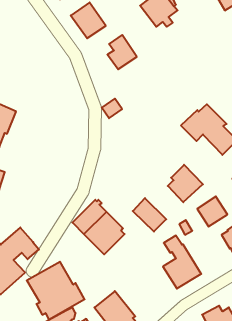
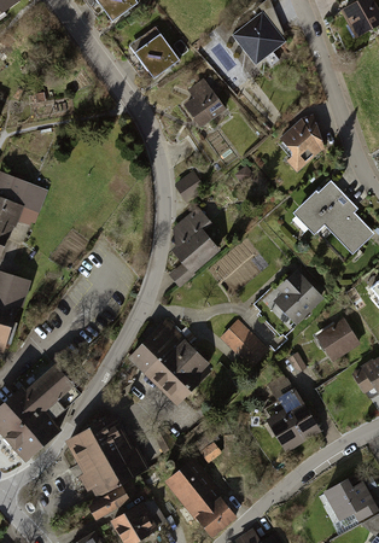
building: none -> [279,113,325,171]
building: none -> [169,206,221,286]

